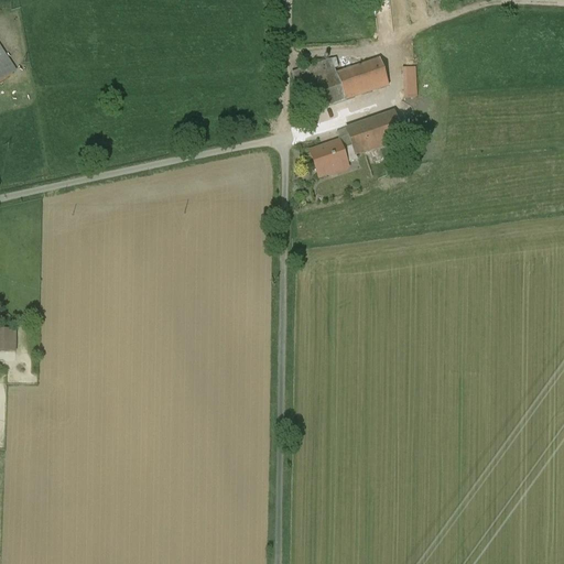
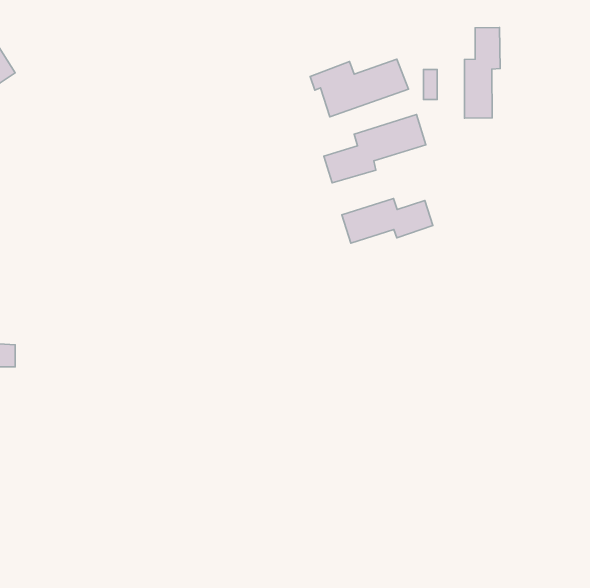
building: none -> [465,28,500,118]
building: none -> [342,199,433,243]

